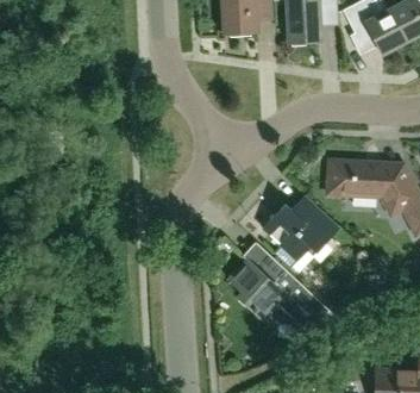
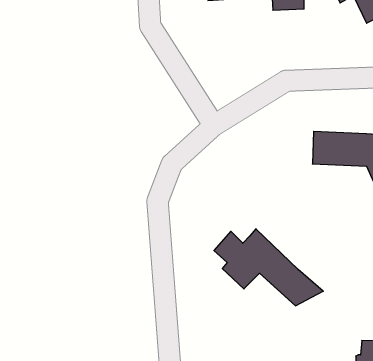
building: [263,195,339,268] -> none

